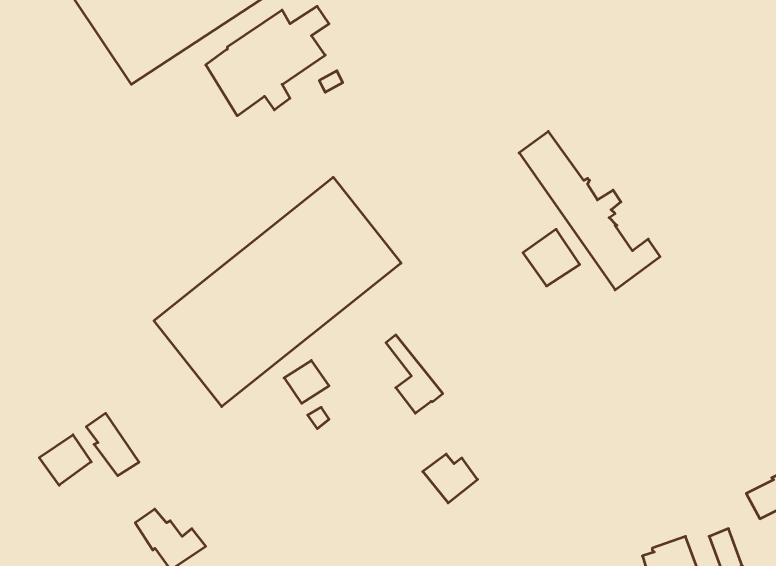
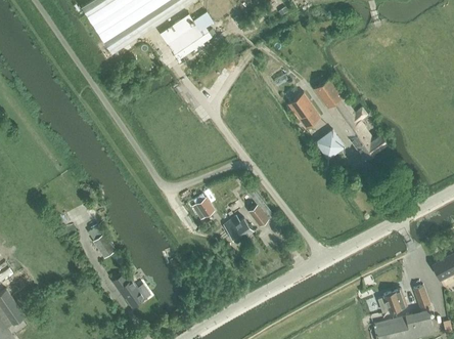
building: none -> [289,92,321,129]
building: [154,177,401,407] -> none
building: [39,435,91,485] -> none
building: [423,454,478,503] -> [224,216,253,242]

